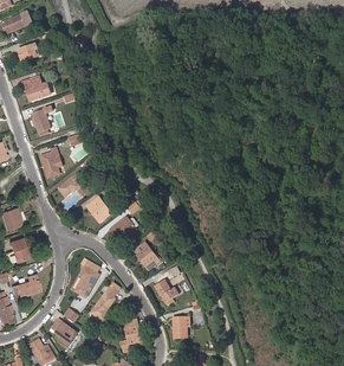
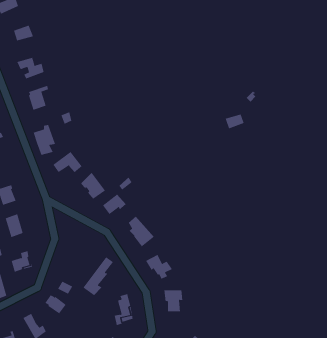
building: [74,258,105,297] -> none

